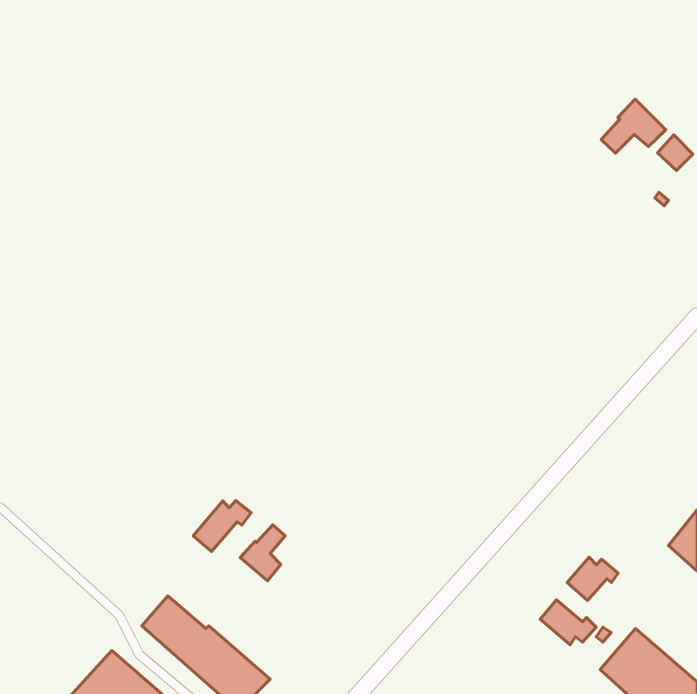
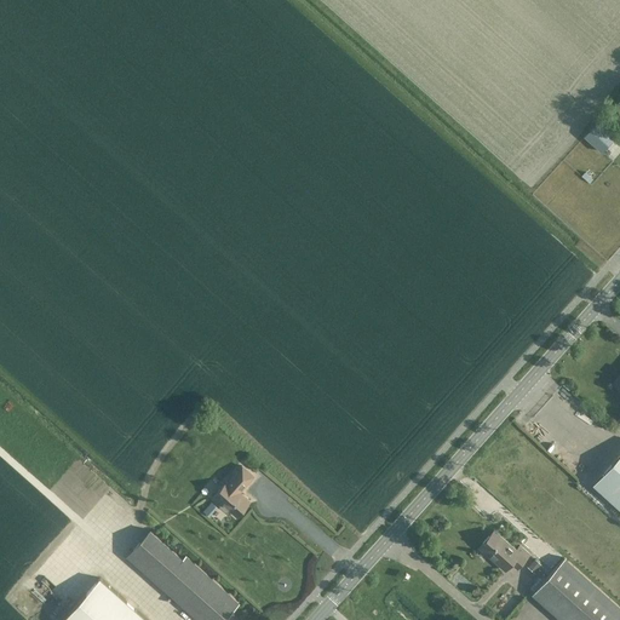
building: [601,99,666,153] -> none
building: [193,501,251,551] -> none
building: [567,557,618,600] -> none

